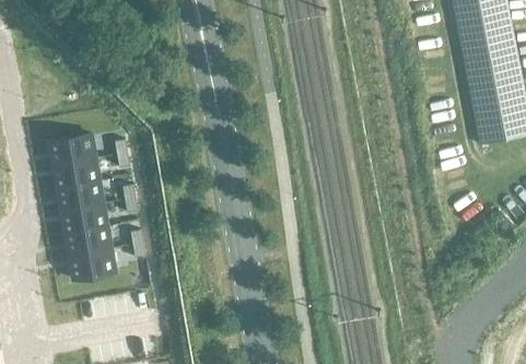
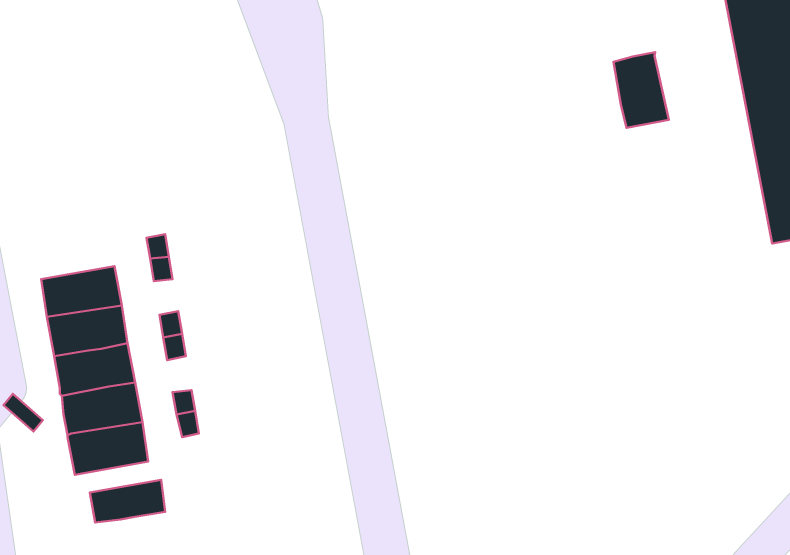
building: none -> [613,52,669,128]
building: [50,134,97,166] -> none
building: none -> [90,480,165,523]

